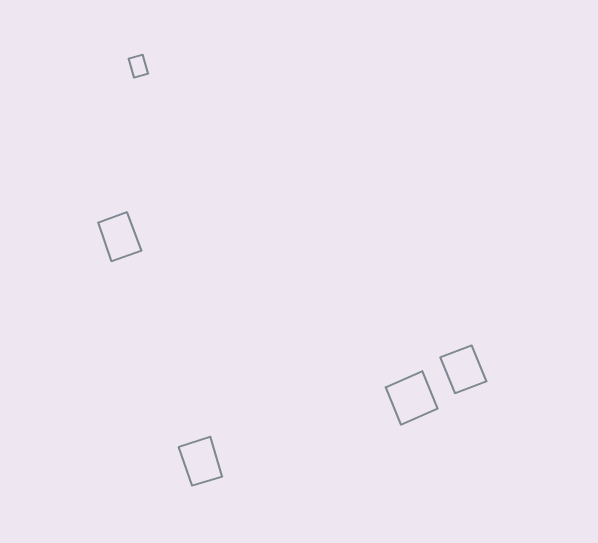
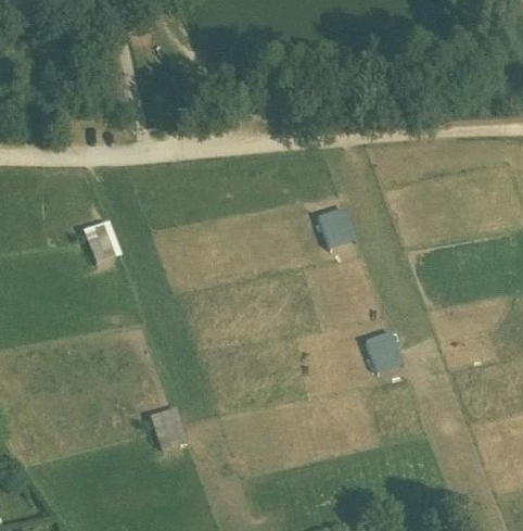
building: none -> [316,207,354,250]
building: [386,371,438,425] -> none

